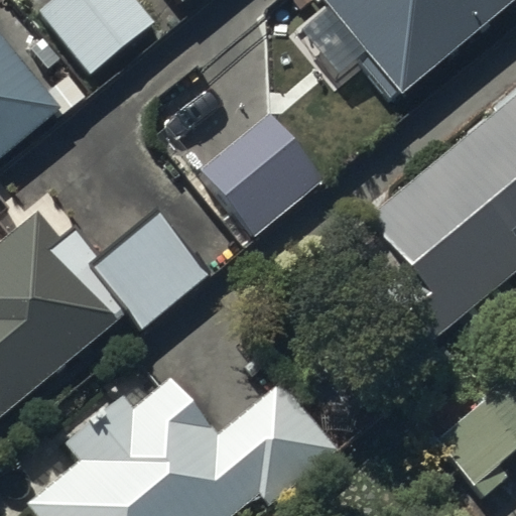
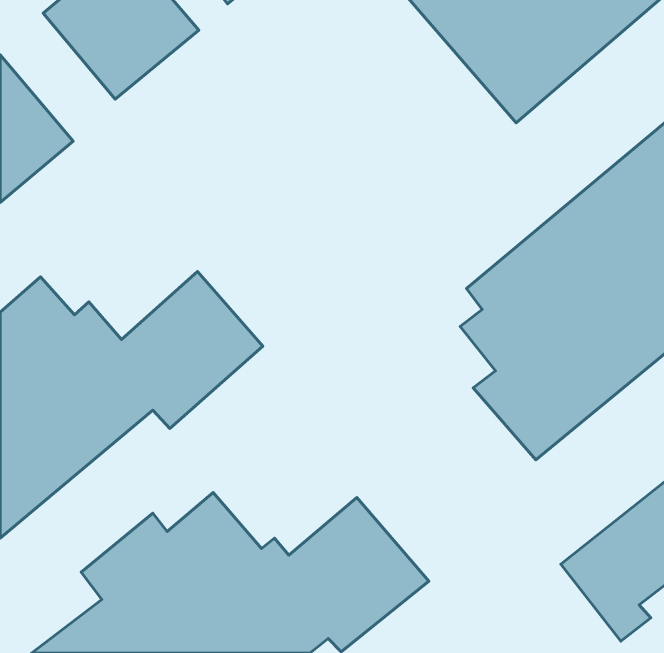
building: [200,112,327,238] -> none

